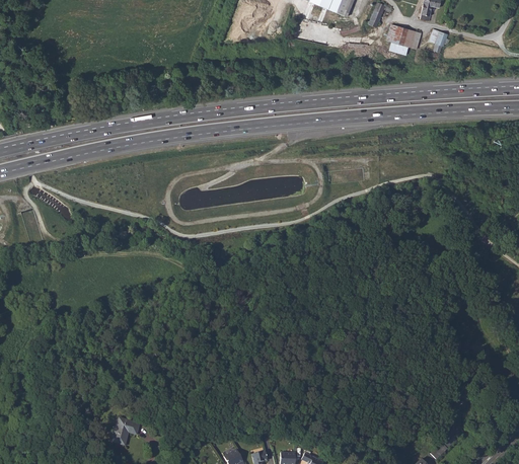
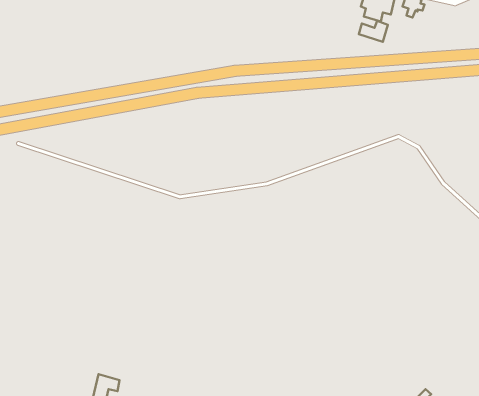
building: none -> [359,21,388,42]

